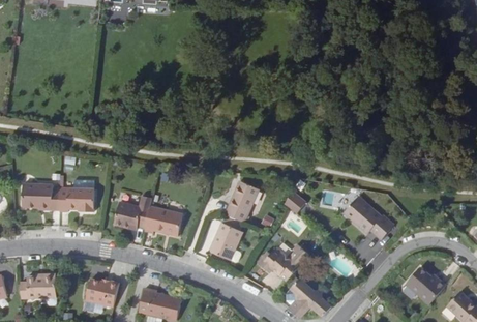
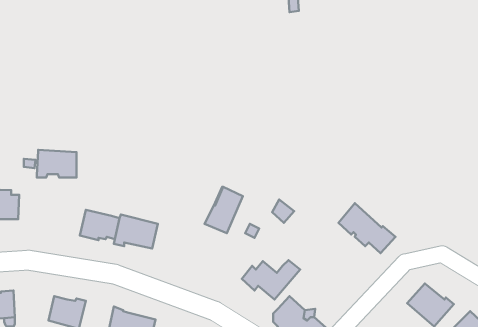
building: [59,186,94,211] -> [37,150,77,178]
building: [209,222,242,260] -> none

